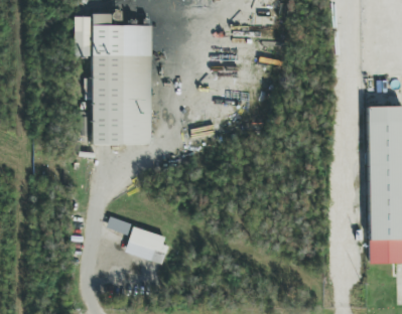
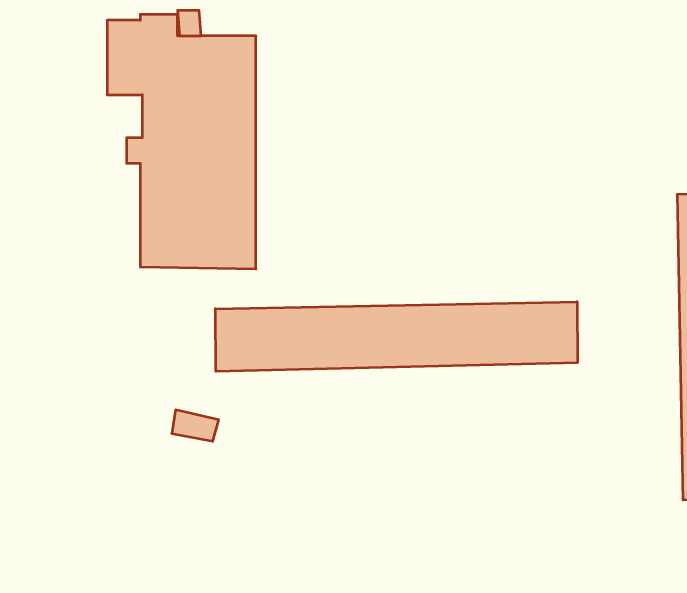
building: none -> [215,302,577,371]
building: [126,226,169,264] -> none

